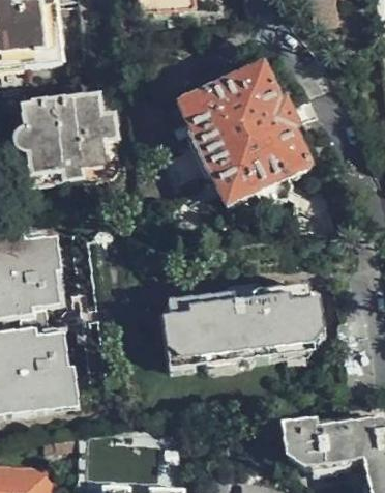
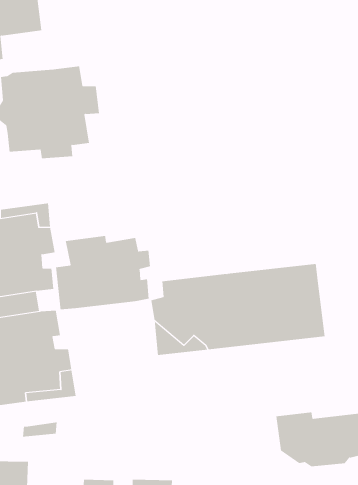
building: [177,65,309,206] -> none
building: none -> [56,235,151,310]

